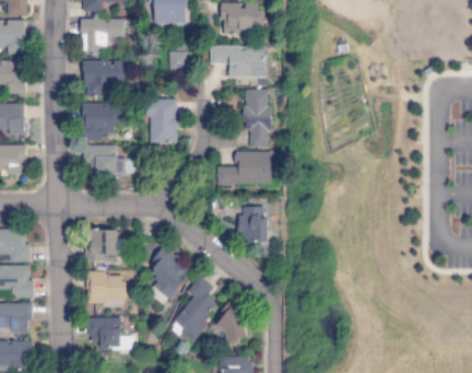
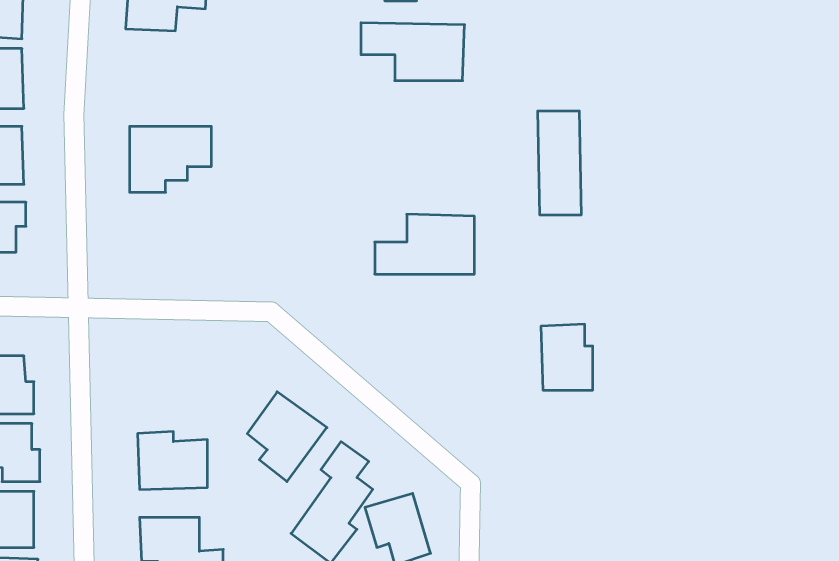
building: [169,42,189,69] -> none
building: [83,60,125,93] -> none
building: [245,90,269,147] -> [538,111,581,215]
building: [145,98,177,142] -> none
building: [82,144,125,175] -> none
building: [238,206,267,242] -> [541,324,593,390]
building: [85,229,117,260] -> none

